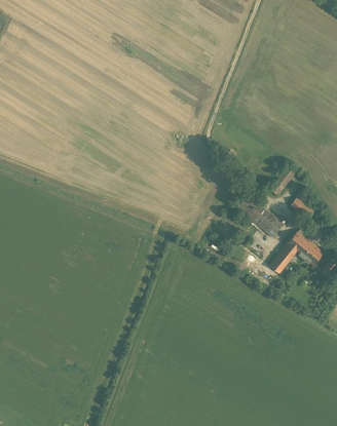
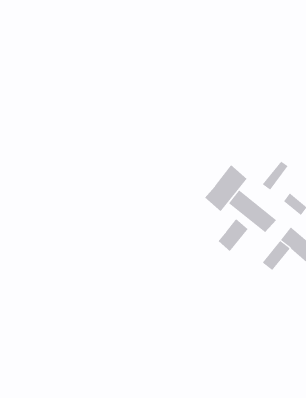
building: none -> [204,164,247,212]
building: none -> [218,218,248,252]

